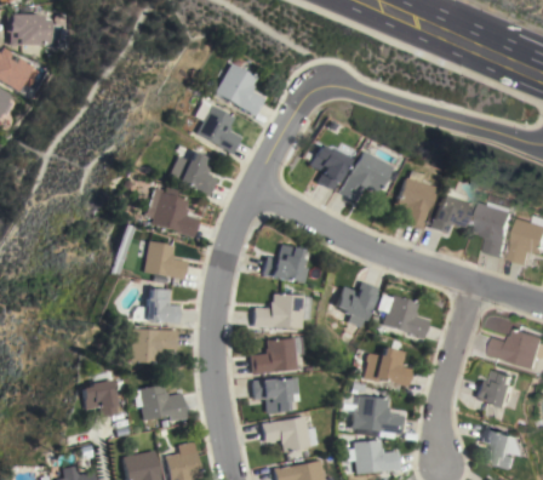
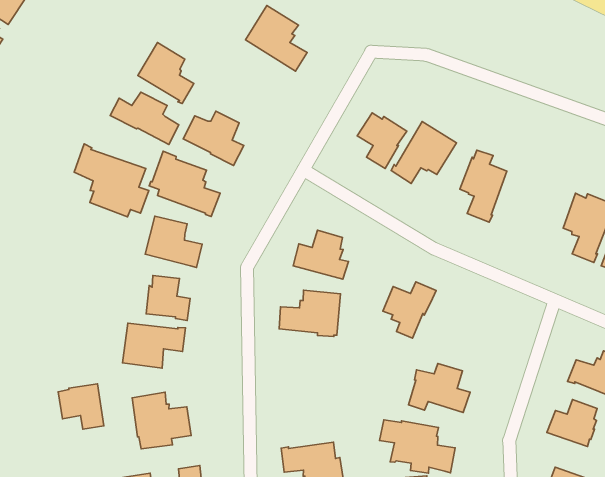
building: [195,105,241,154] -> [138,43,194,104]
building: none -> [110,92,179,144]
building: none -> [74,144,149,217]
building: [429,194,469,234] -> none
building: [378,295,430,338] -> none
building: [250,338,297,375] -> none
building: [253,378,297,413] -> none

